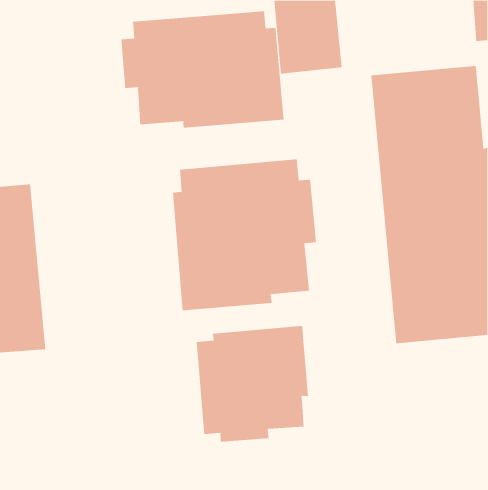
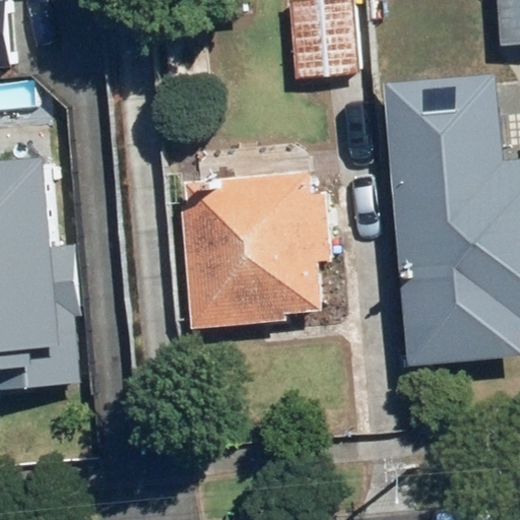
building: [121,10,284,129] -> none
building: [196,325,309,443] -> none

